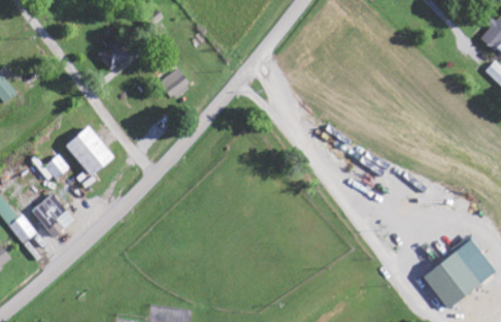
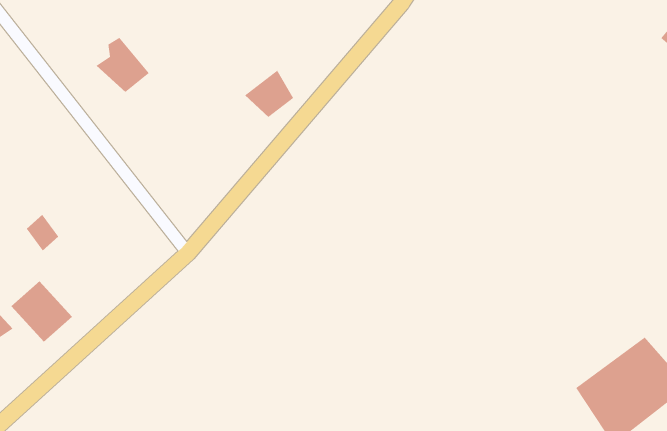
building: [158,65,192,98] -> [244,70,294,118]
building: [63,124,118,179] -> none

